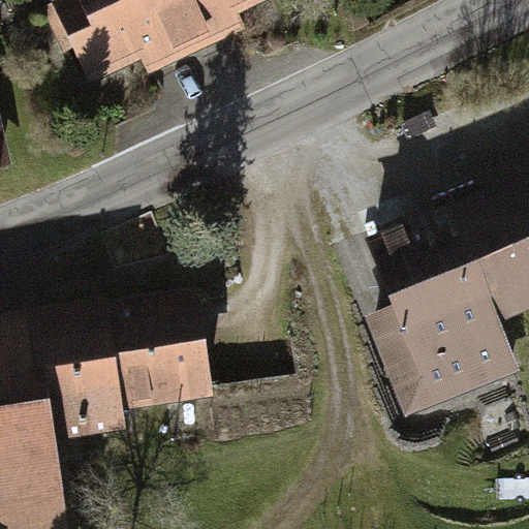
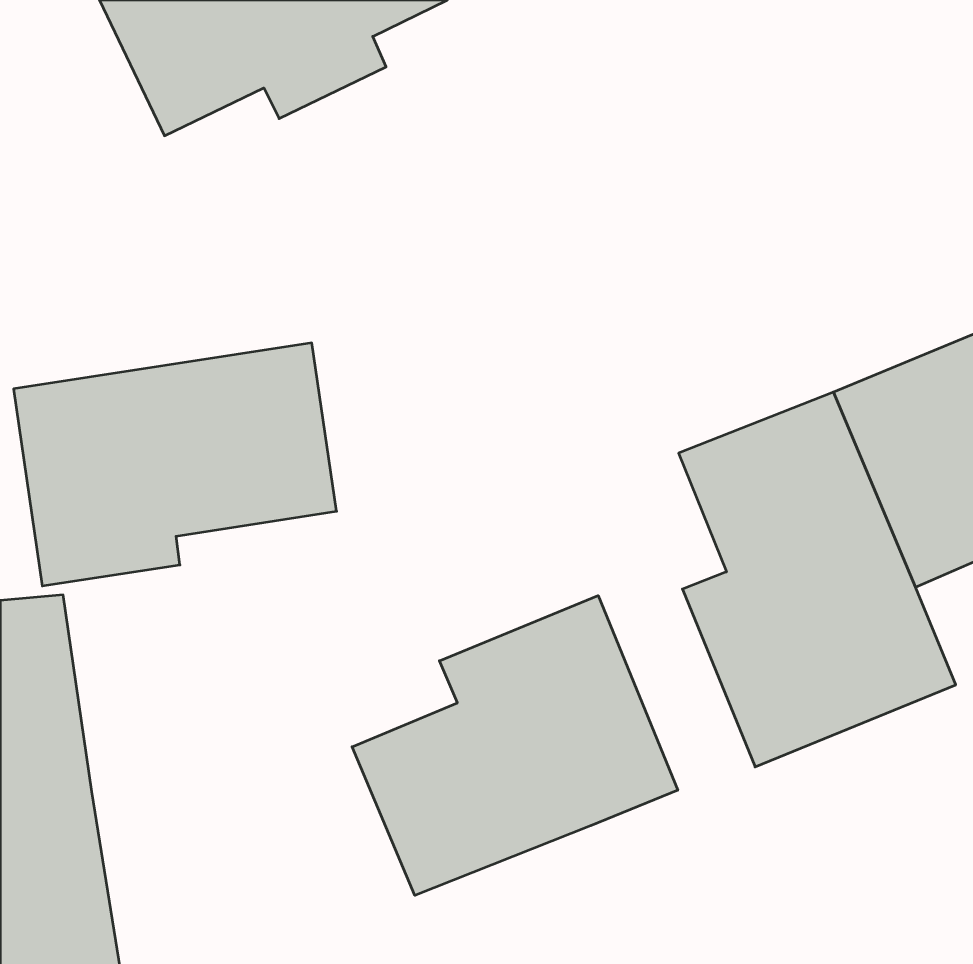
building: [36,304,211,435] -> [14,343,337,586]
building: none -> [352,596,678,895]

